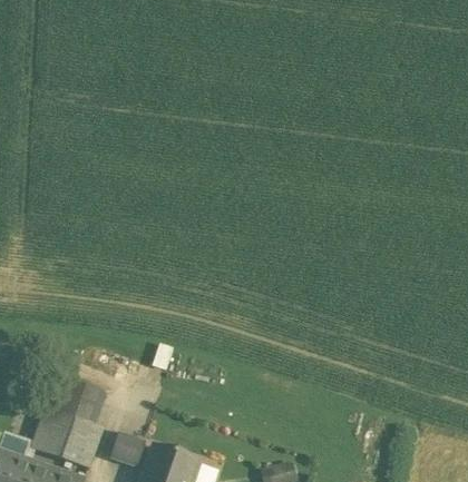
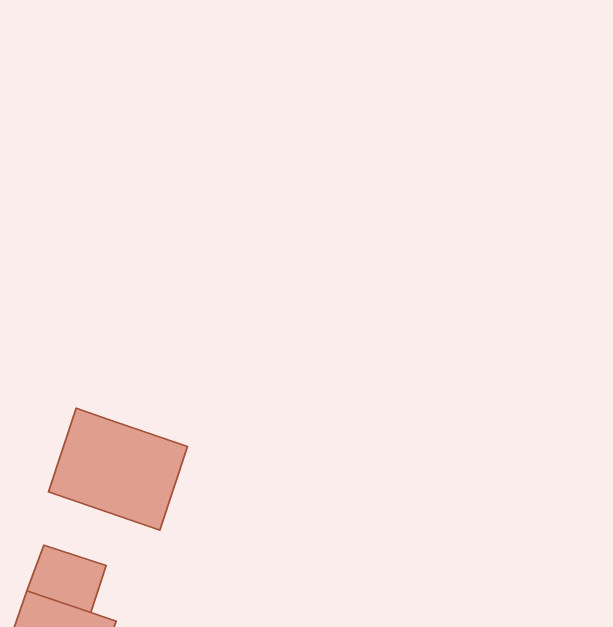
building: none -> [48,408,188,530]

